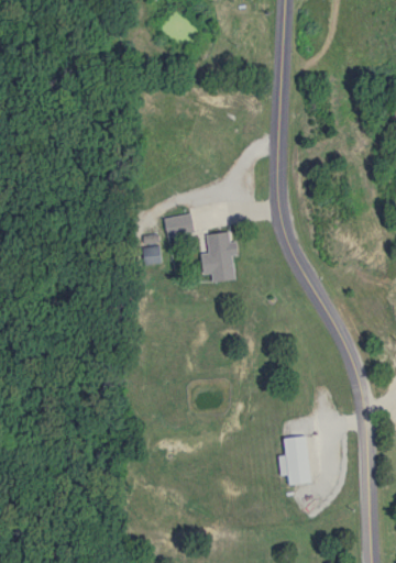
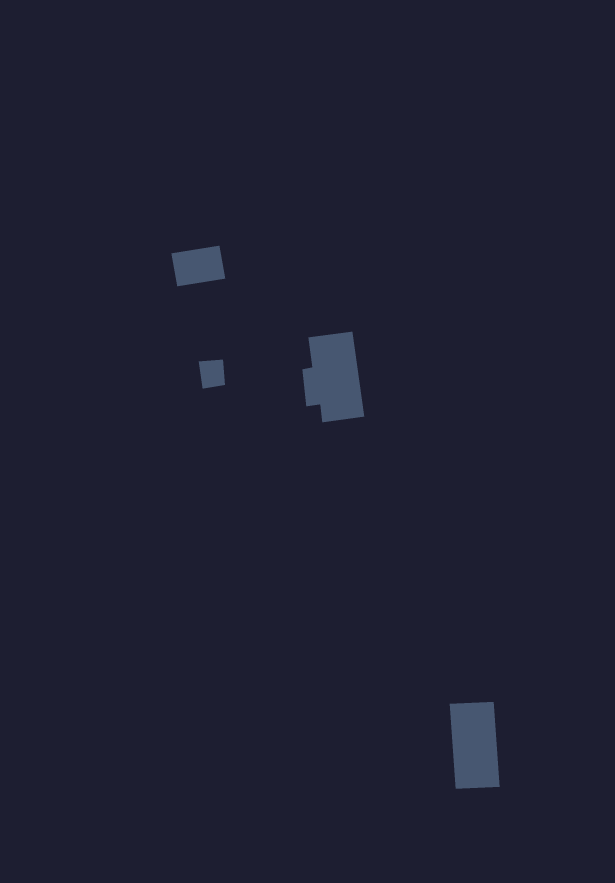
building: [163,214,194,238] -> [170,245,226,287]

